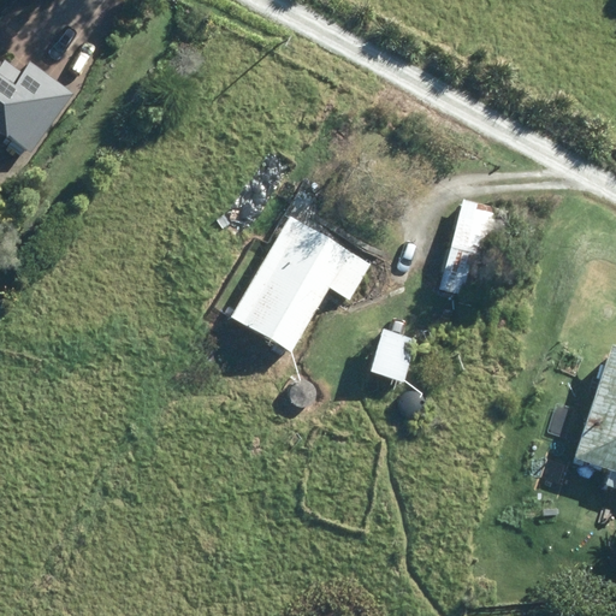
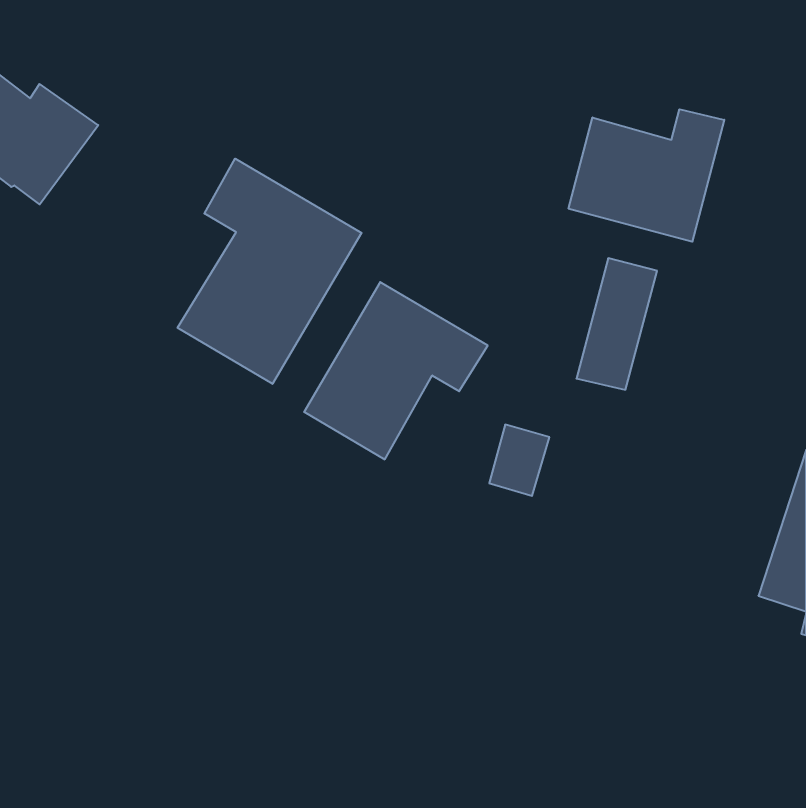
building: none -> [569,109,724,242]
building: none -> [178,159,362,384]

